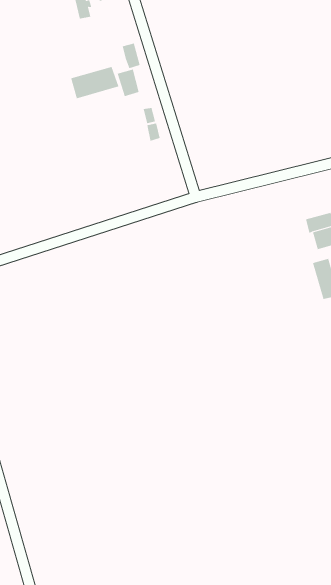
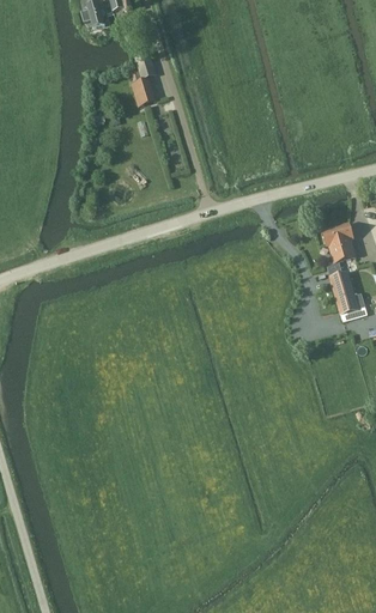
building: [70,66,119,99] -> none

